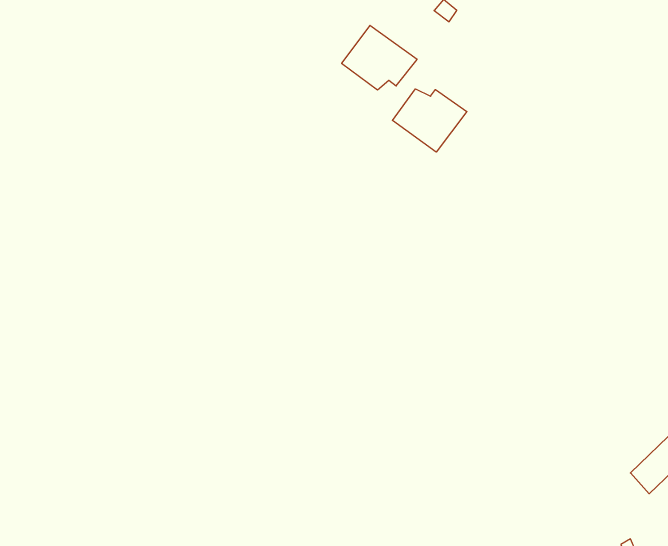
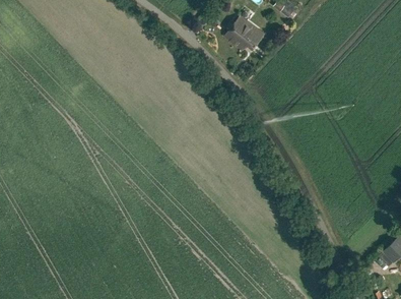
building: [392,89,467,152] -> none

